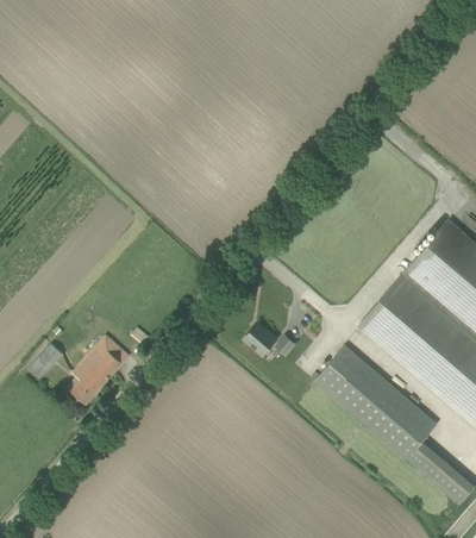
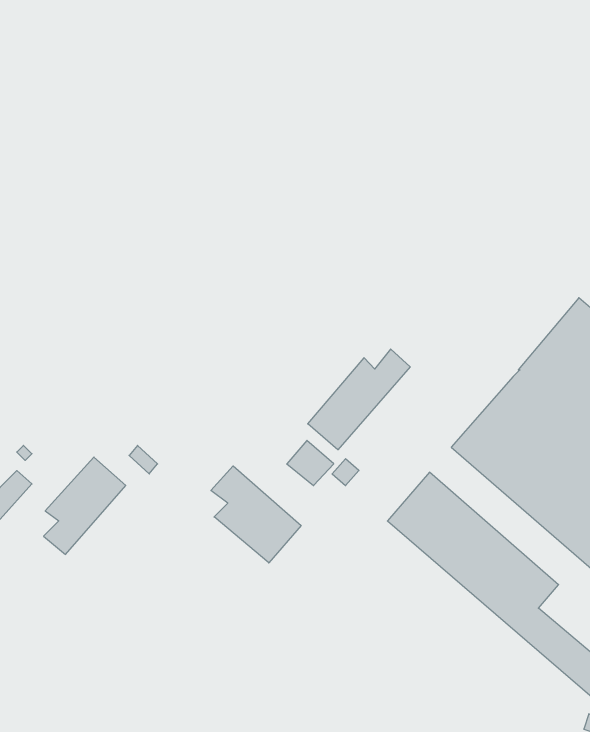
building: none -> [308,349,410,450]
building: none -> [211,466,301,563]

